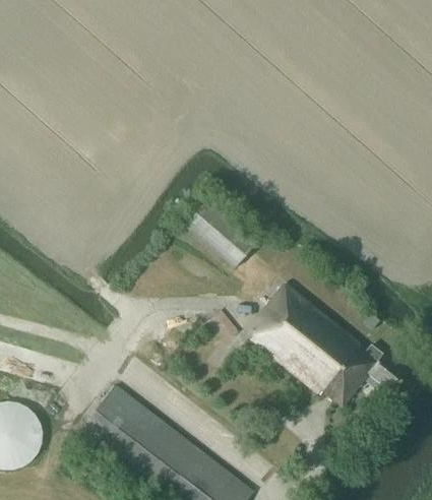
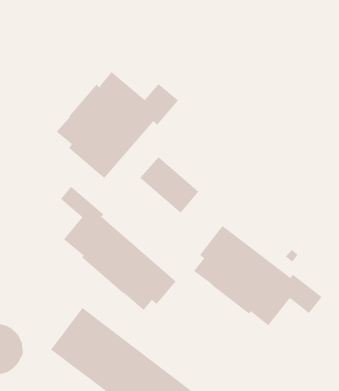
building: none -> [56,71,179,179]
building: none -> [60,186,177,311]

